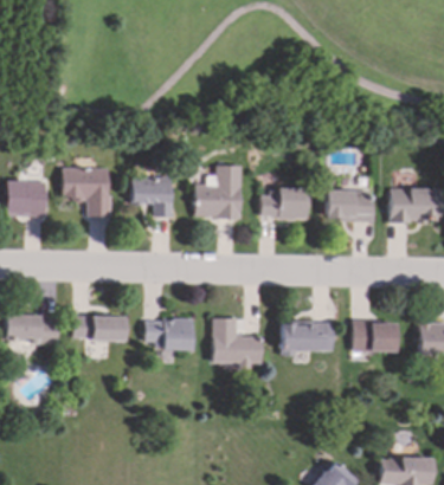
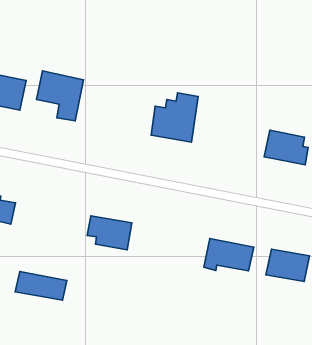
building: [131,176,173,218] -> none
building: [262,188,308,219] -> none
building: [72,316,128,340] -> [15,271,67,300]
building: [212,318,260,369] -> none

